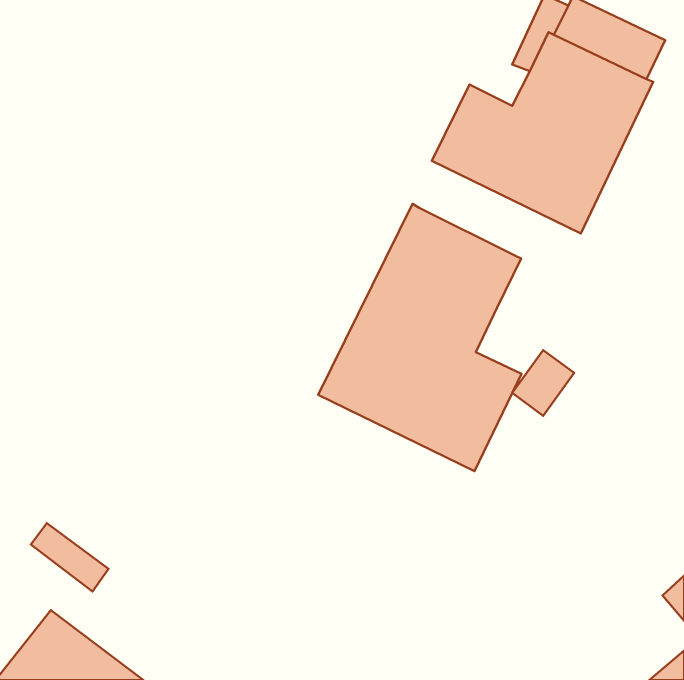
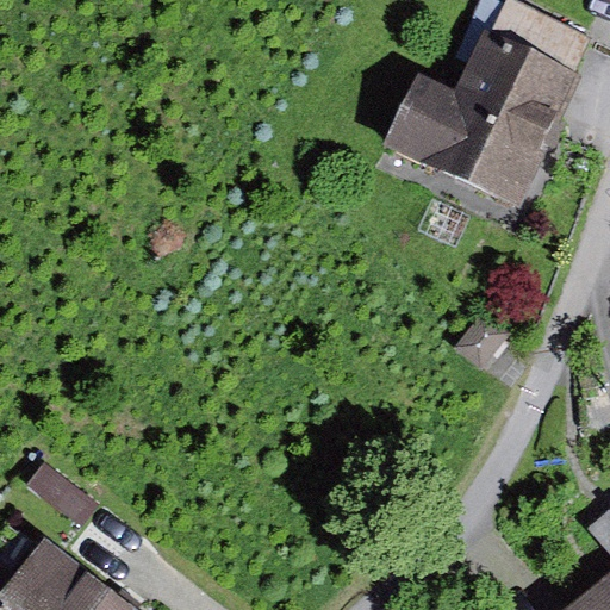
building: [318,204,522,471] -> none

